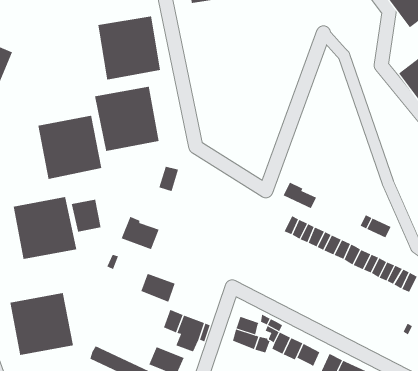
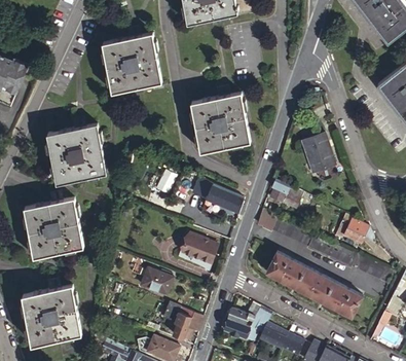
building: [94,86,160,151] -> [190,93,250,152]
building: none -> [304,135,335,173]
building: none -> [209,186,245,212]
building: [71,199,101,232] -> none
building: [121,216,159,250] -> [182,231,217,262]
building: none -> [267,251,362,316]

